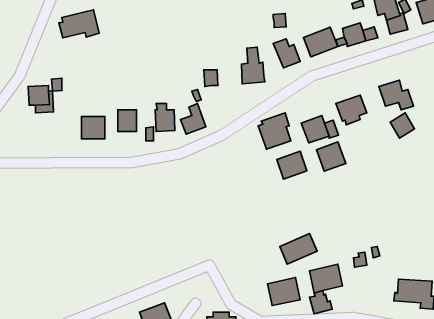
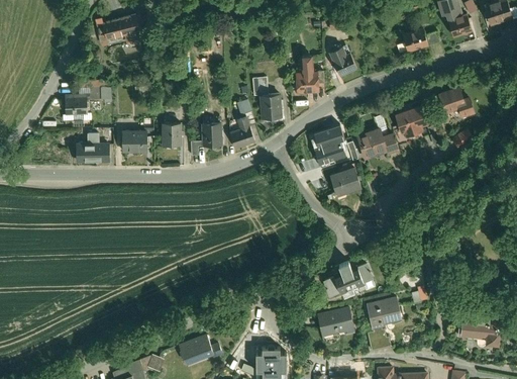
building: [303,27,338,57] -> none
building: none -> [260,98,282,124]
building: none -> [74,136,106,166]
building: [316,142,346,171] -> none

